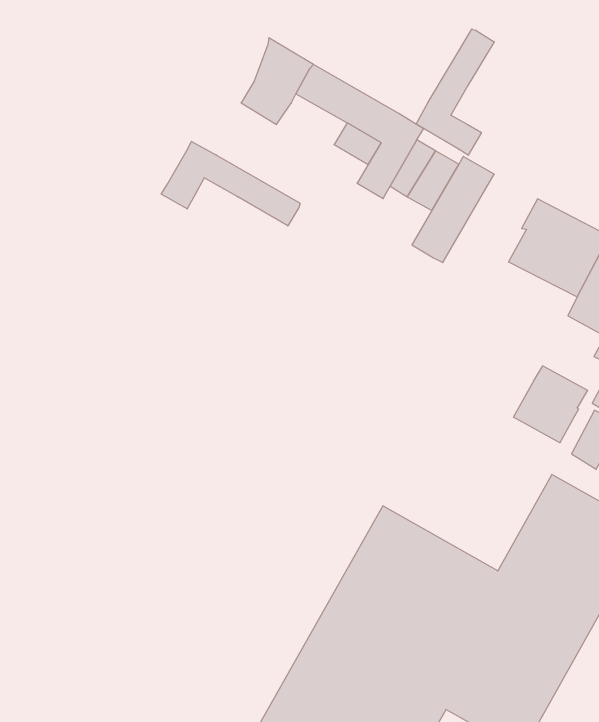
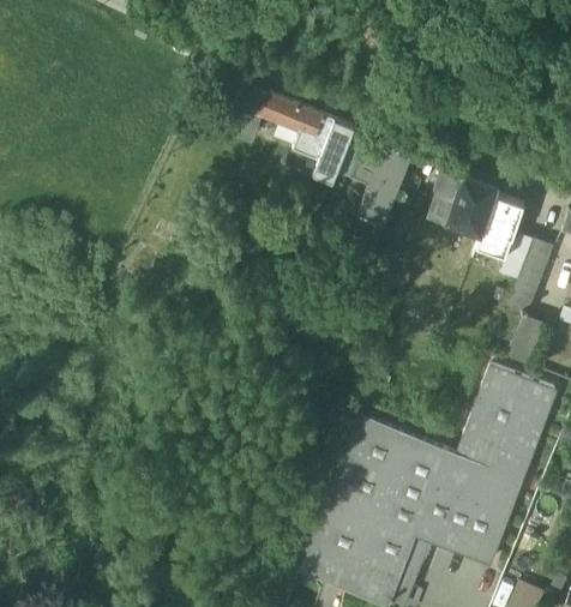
building: [416,29,494,155] -> none
building: [161,141,300,226] -> none
building: [514,366,588,443] -> none

